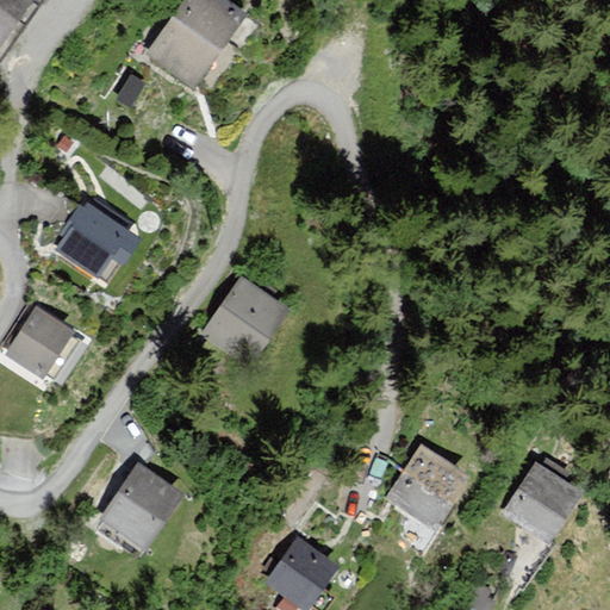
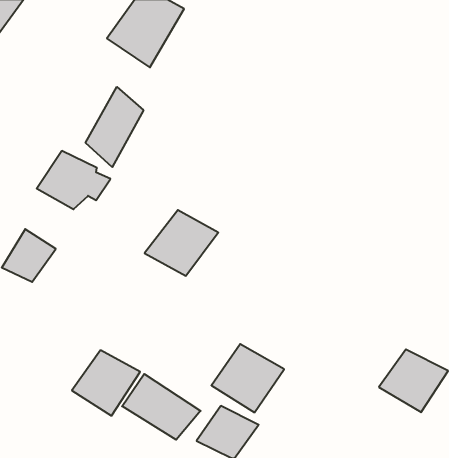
building: none -> [86,87,143,167]
building: [385,444,481,535] -> [211,344,284,412]
building: none -> [122,374,201,440]

